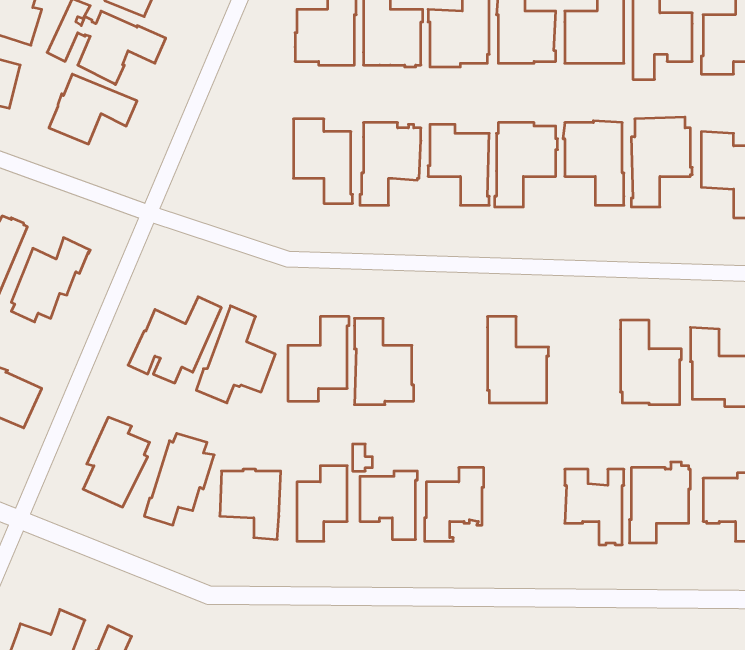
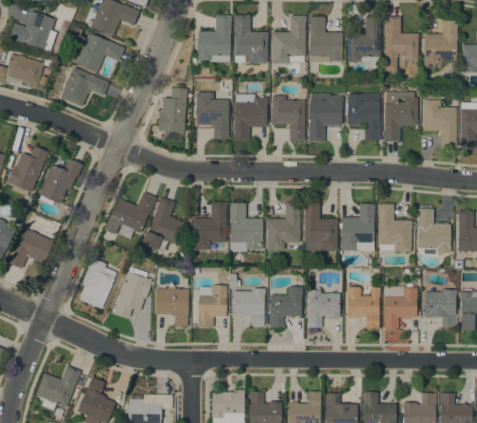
building: none -> [158,87,188,133]
building: none -> [266,202,300,249]
building: none -> [341,204,375,250]
building: none -> [307,290,340,327]

